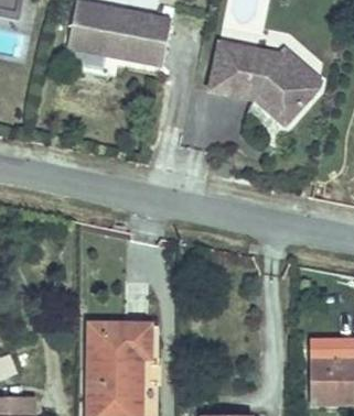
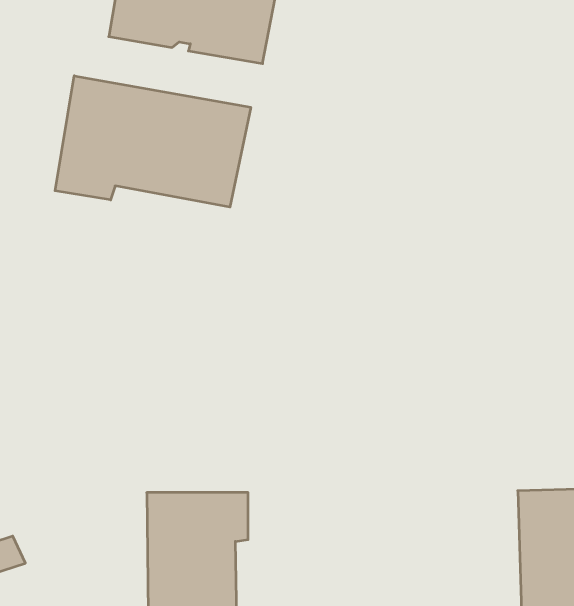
building: [208,41,313,122] -> none
building: none -> [55,76,251,207]

